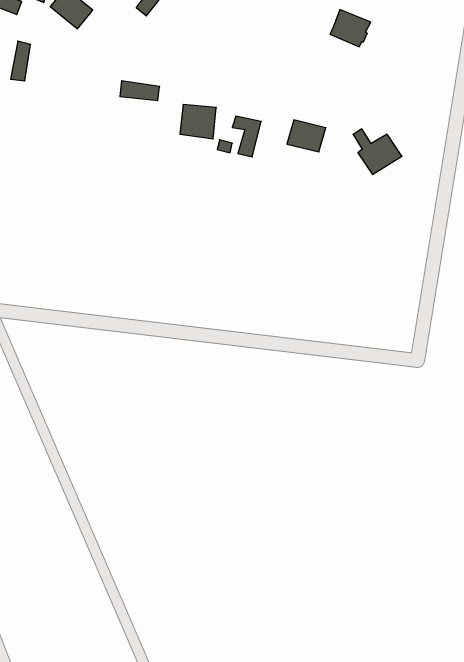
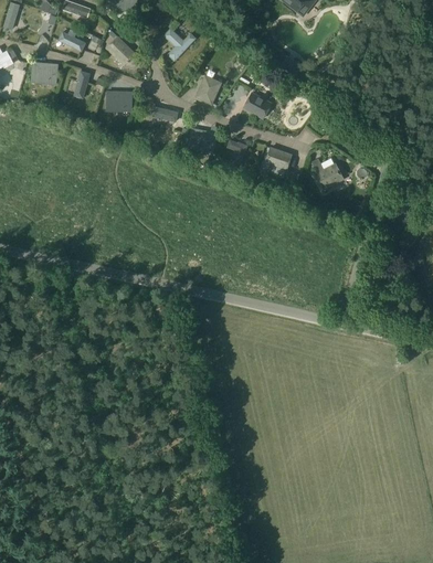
building: [330,10,371,47] -> [243,89,273,117]
building: none -> [194,73,222,104]
building: none -> [107,89,131,109]

